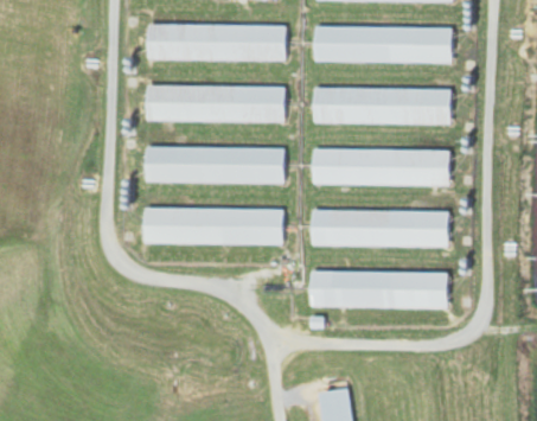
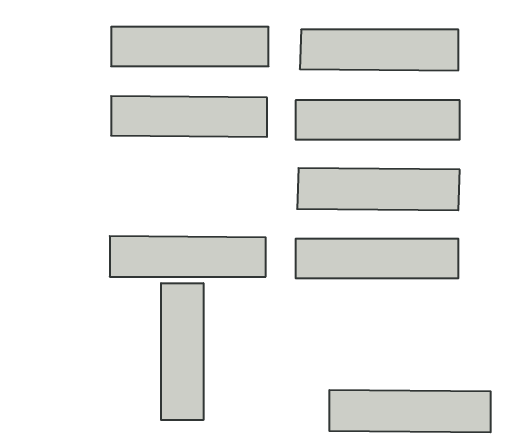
building: [147,146,282,183] -> none
building: none -> [161,283,203,420]
building: [308,270,449,307] -> [329,390,491,432]

